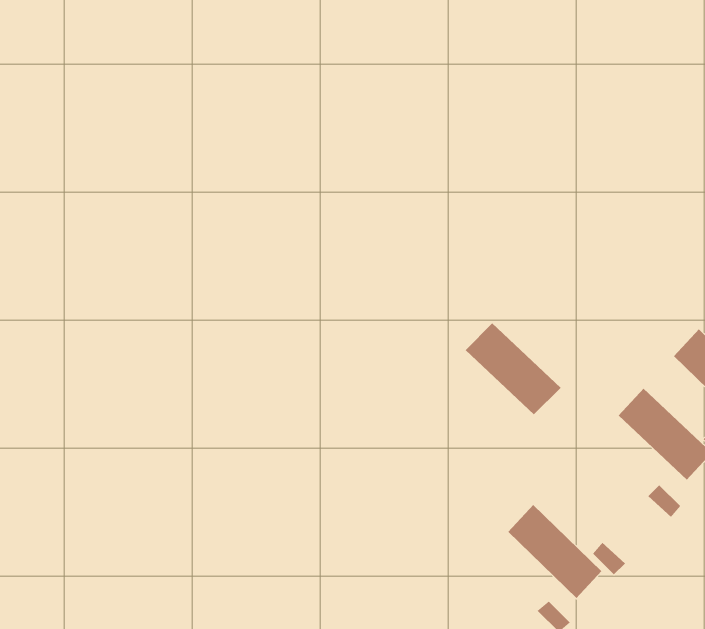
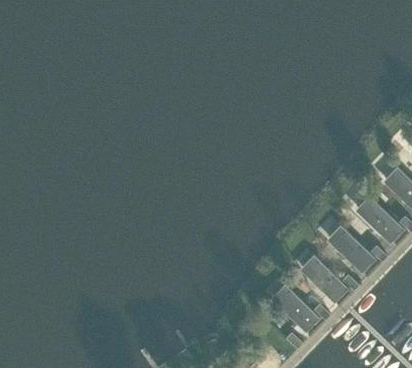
building: [465,323,561,415] -> [299,256,349,303]

